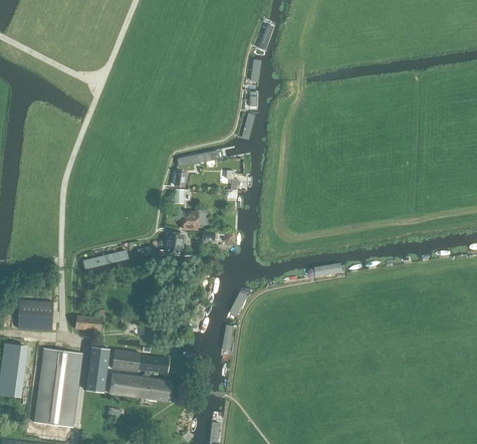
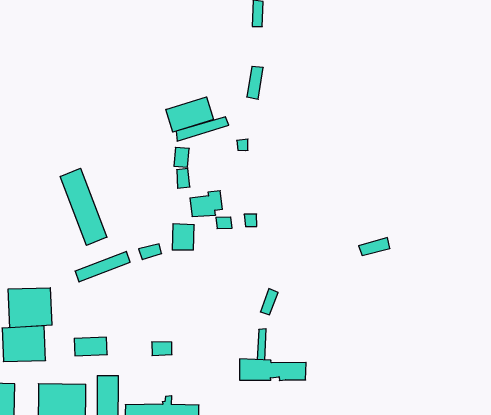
building: none -> [166,97,214,132]
building: none -> [60,168,107,245]
building: none -> [8,288,52,328]
building: [112,350,168,373] -> [240,359,306,381]

